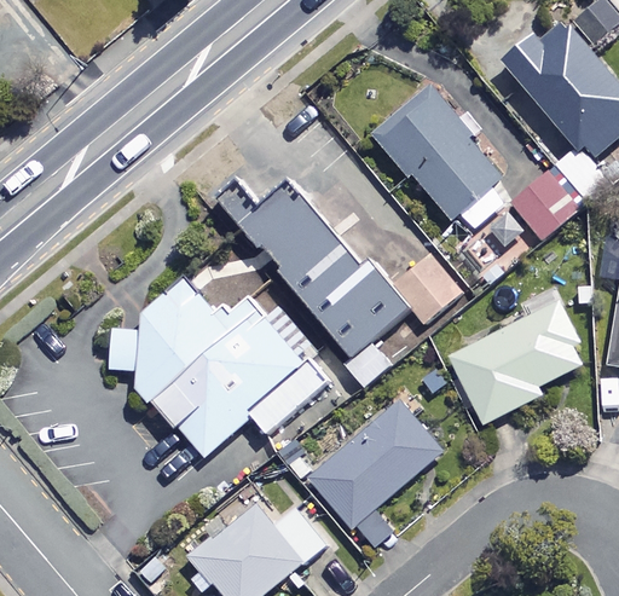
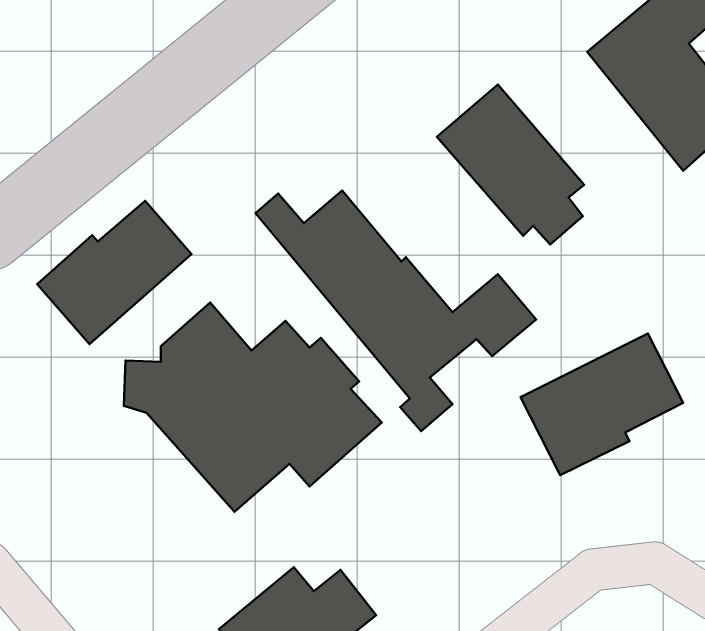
building: [508,166,580,239] -> none
building: none -> [37,201,191,344]
building: [308,400,441,548] -> none

